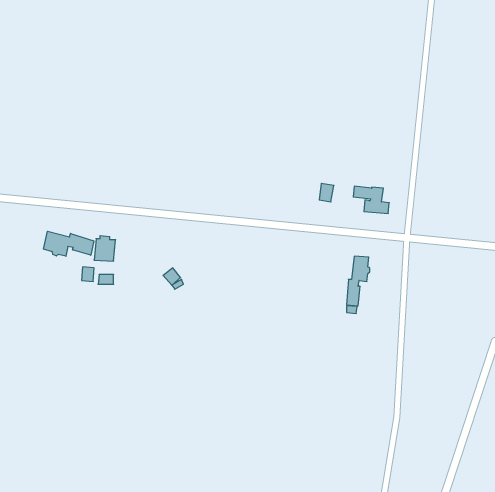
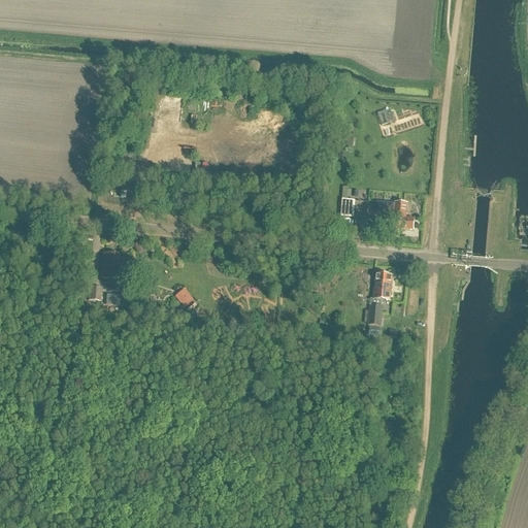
building: [43,231,94,256] -> none

